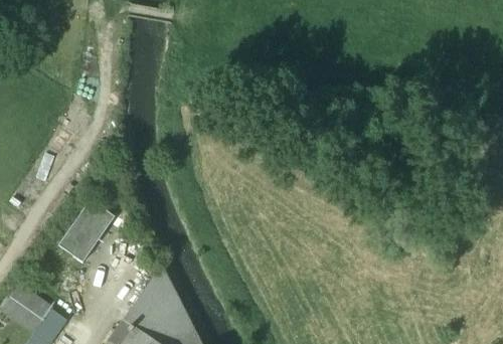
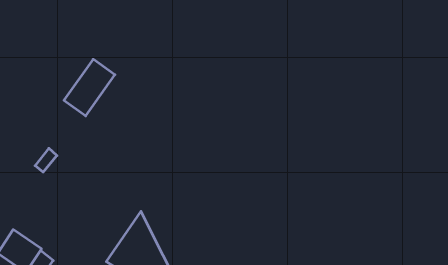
building: [56,202,113,265] -> [64,59,115,116]

